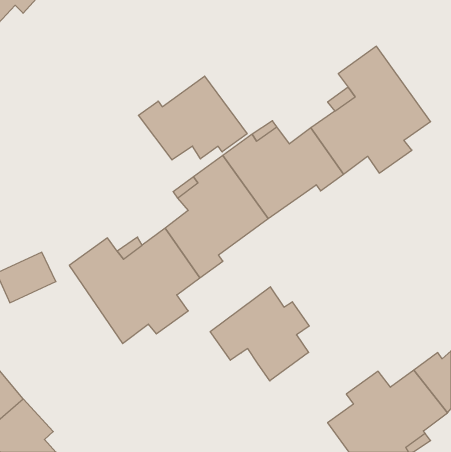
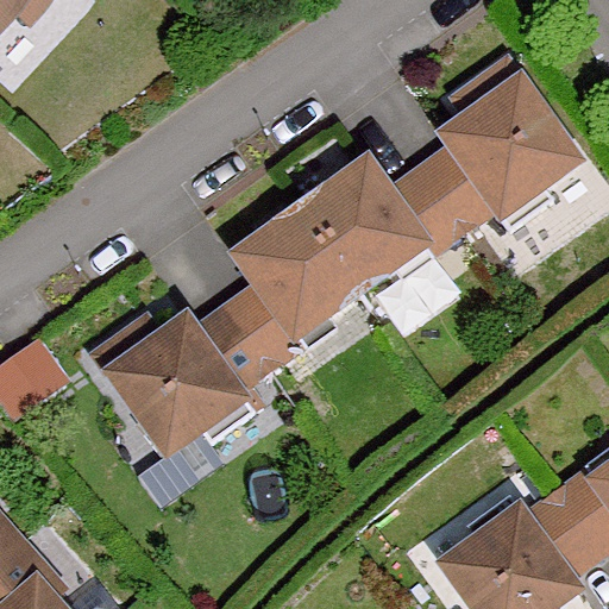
building: [138,76,247,160] -> none
building: [210,287,309,381] -> none

